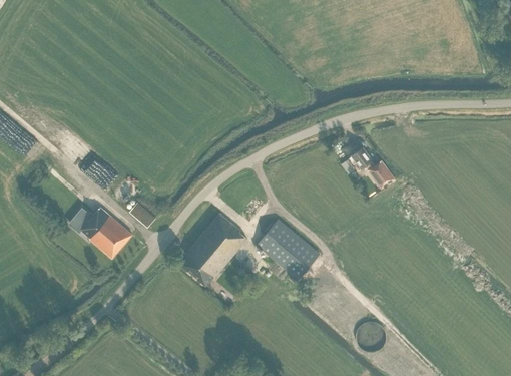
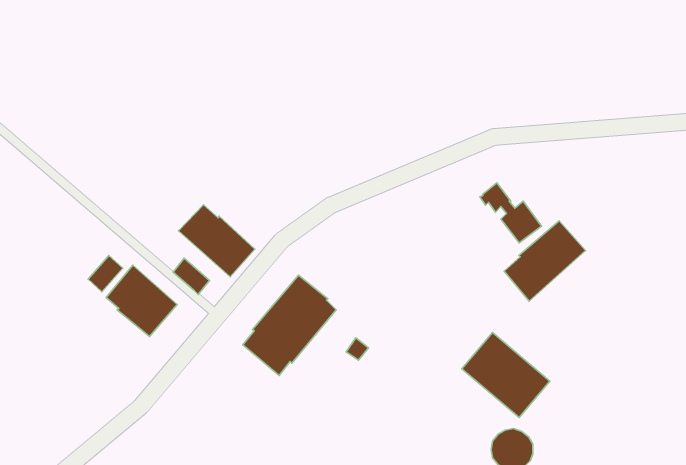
building: none -> [178,205,255,277]
building: none -> [504,221,586,301]
building: [257,219,320,280] -> [462,332,550,418]

